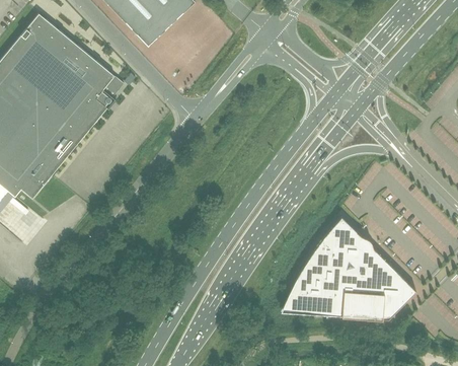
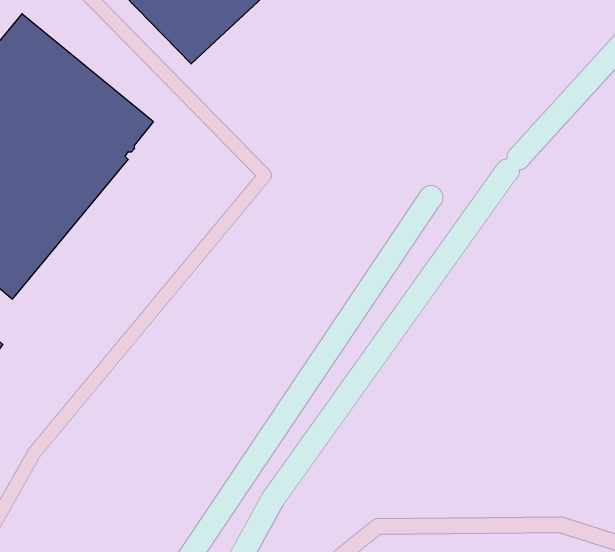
building: [281,217,415,319] -> none

